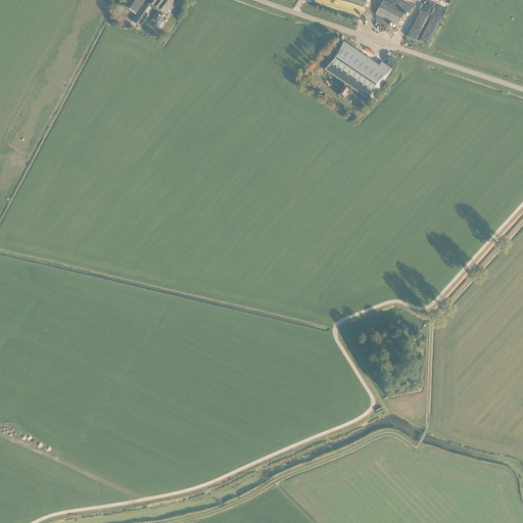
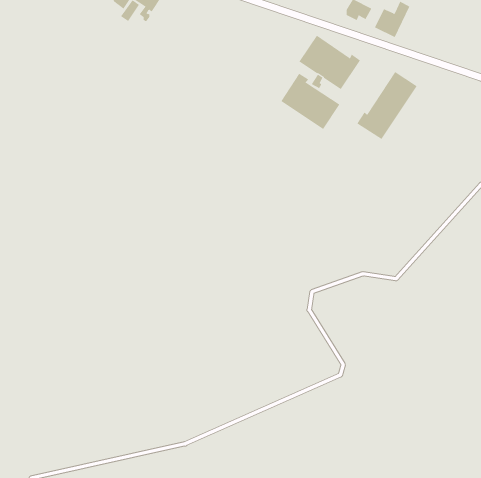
building: none -> [357,71,417,140]
building: none -> [281,73,340,130]

